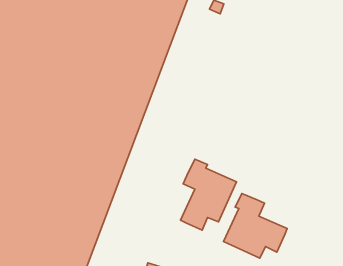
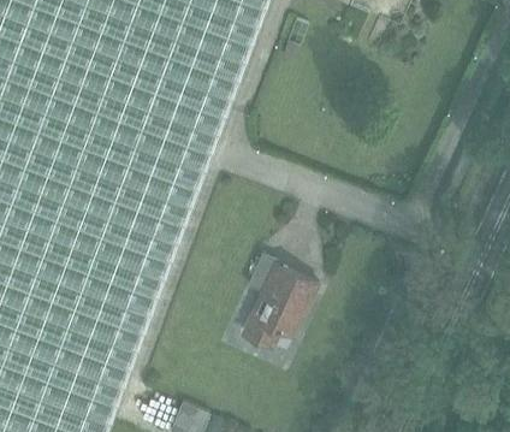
building: [223,194,287,258] -> none

